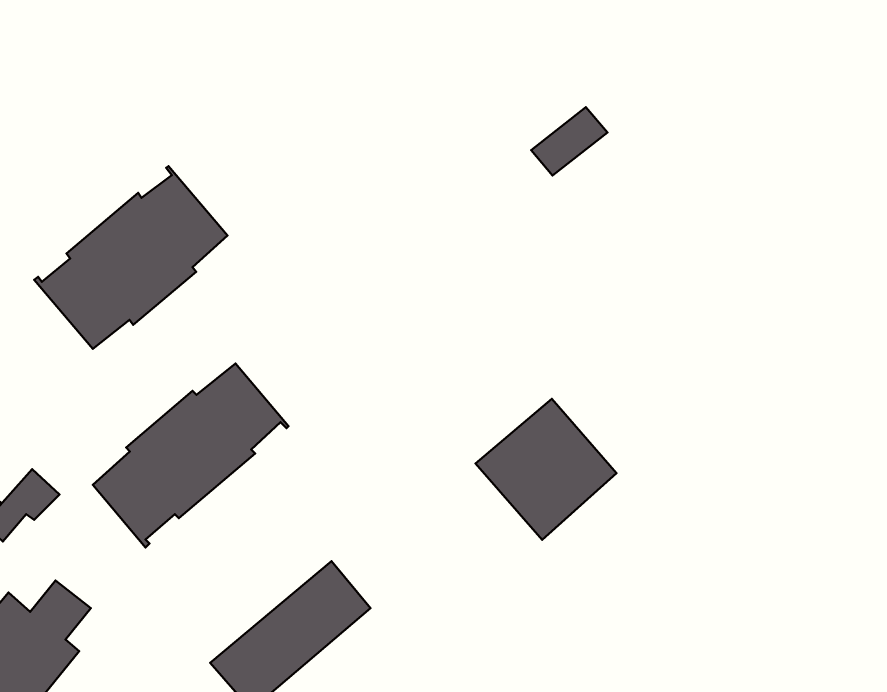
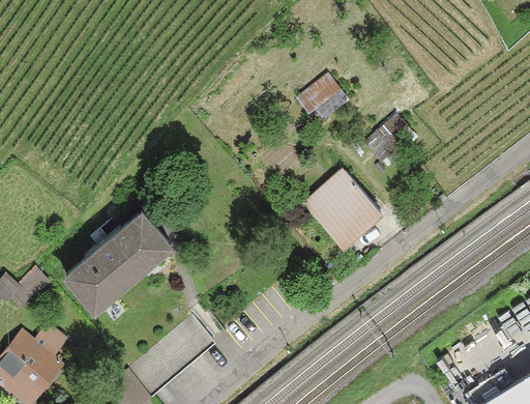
building: [34,166,227,349] -> none
building: none -> [367,118,412,160]
building: [476,399,616,540] -> [305,173,380,248]

